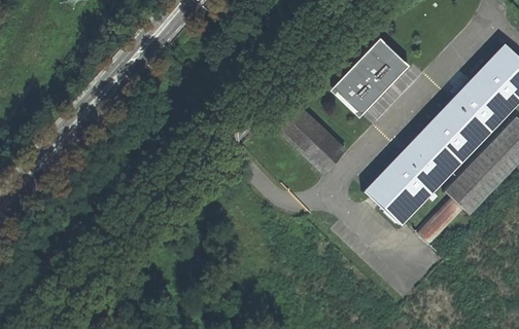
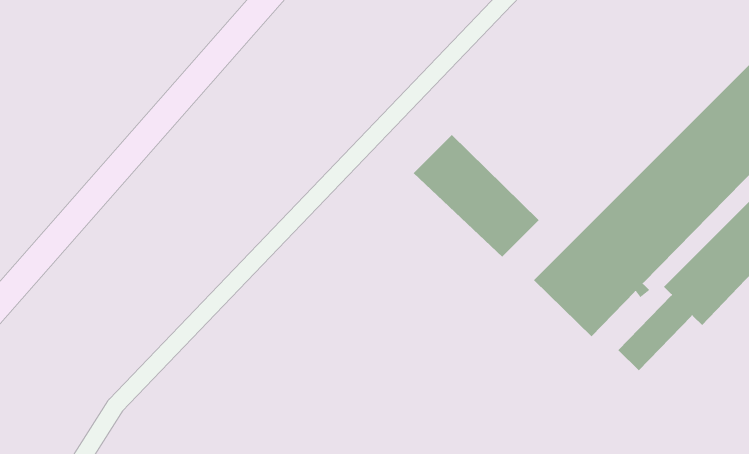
building: [339,42,417,121] -> none

